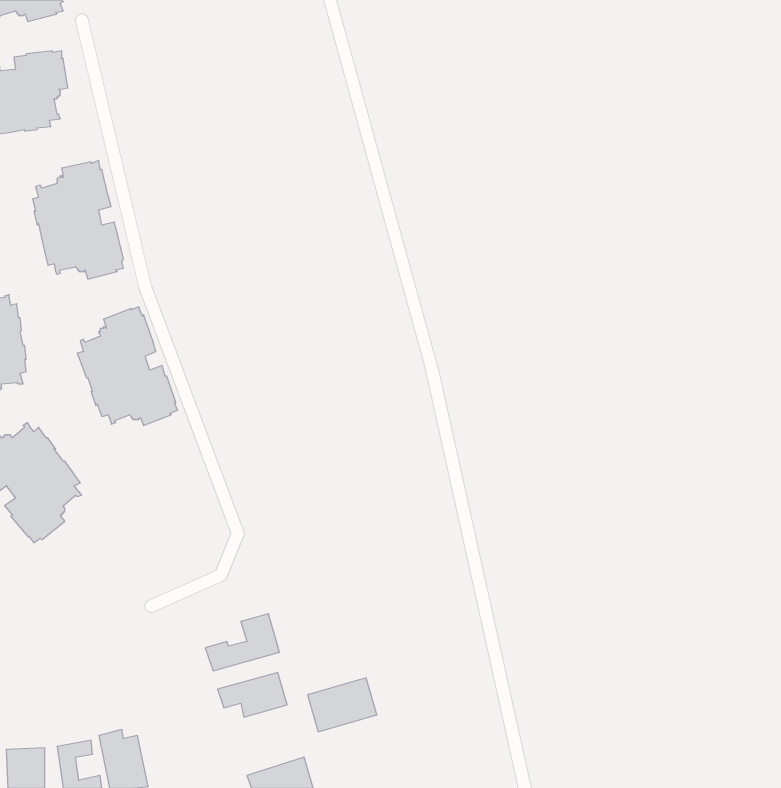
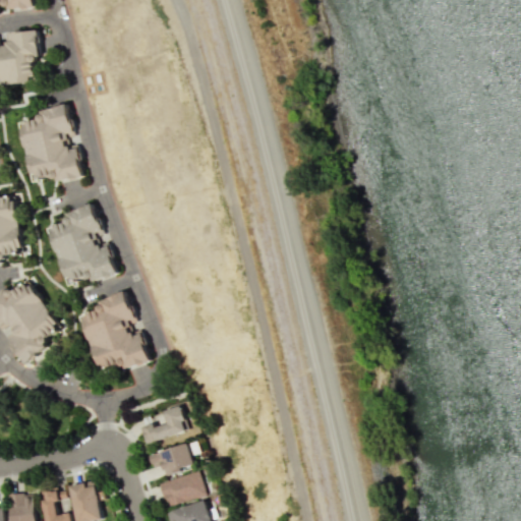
building: none -> [85,293,151,370]
building: [308,678,377,732] -> [156,471,201,507]

